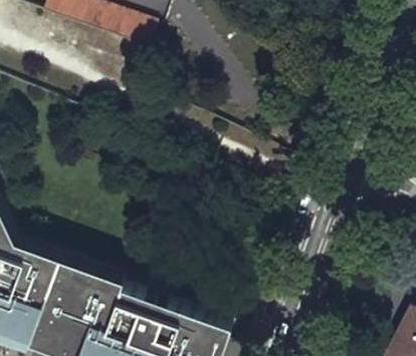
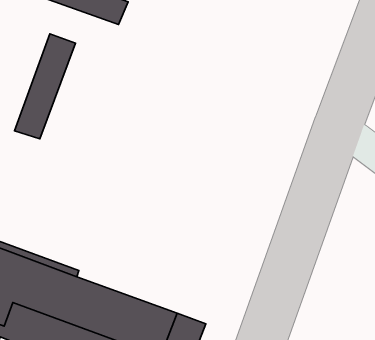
building: none -> [14,34,75,139]

